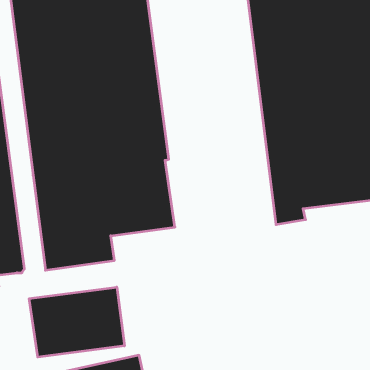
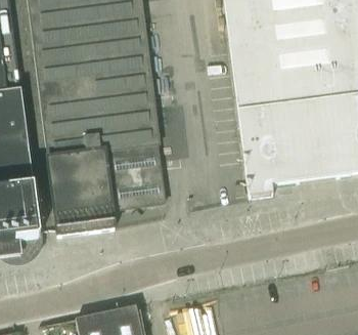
building: [29,287,124,357] -> none

